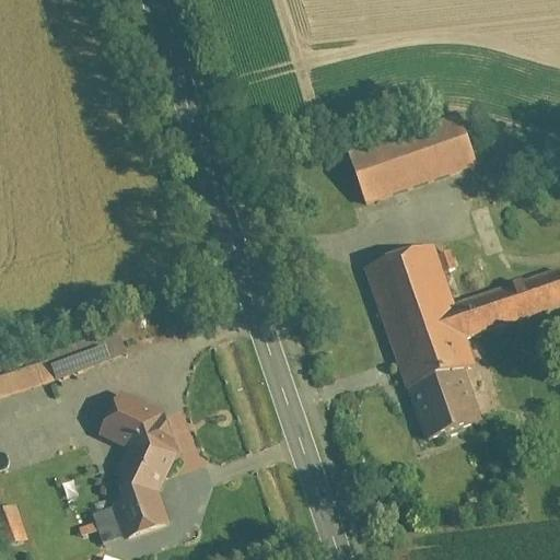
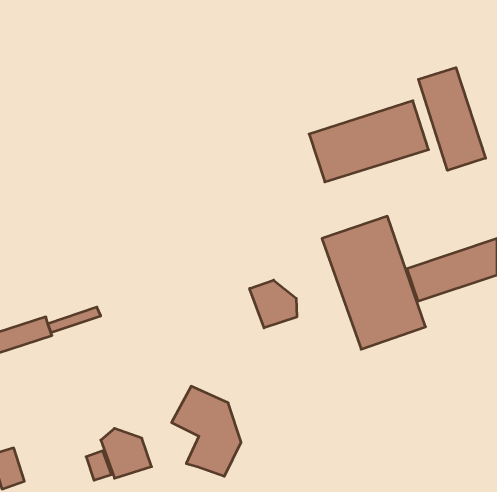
building: none -> [418,68,486,170]
building: none -> [250,280,297,328]
building: [409,373,475,442] -> none
building: [100,389,177,490] -> [172,386,241,476]

